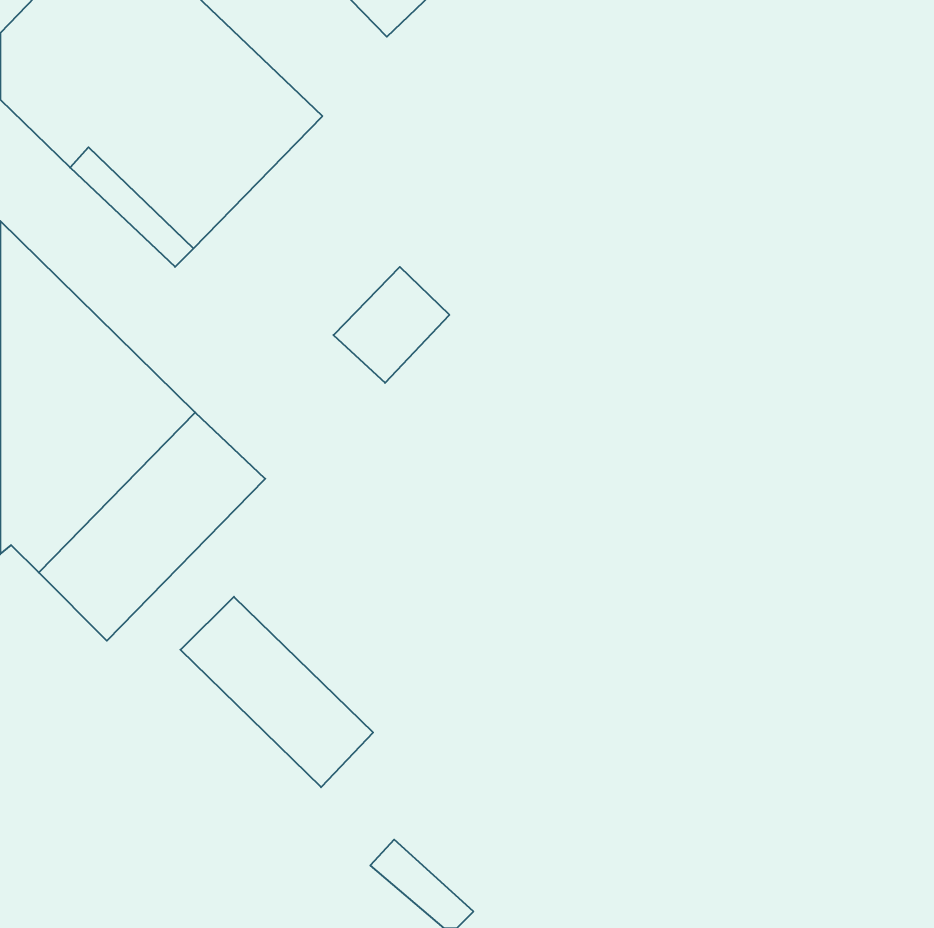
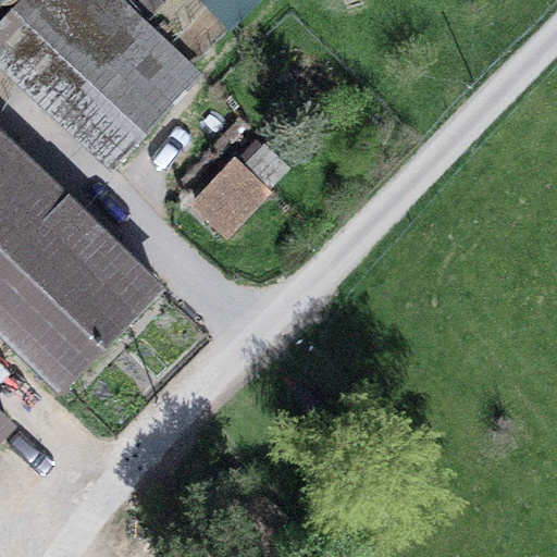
building: [180,597,373,787] -> none

